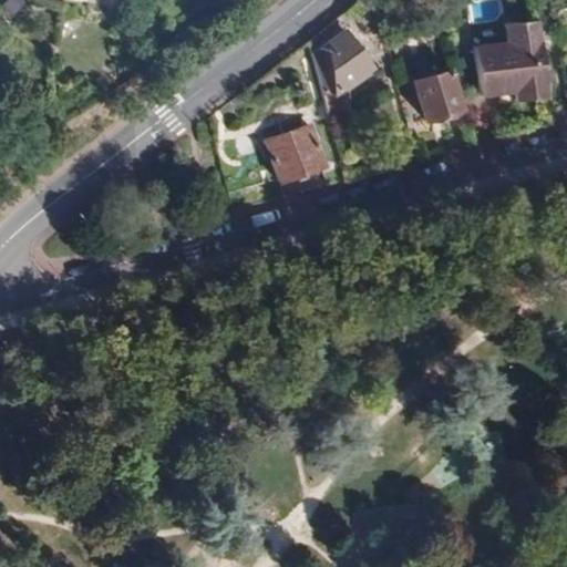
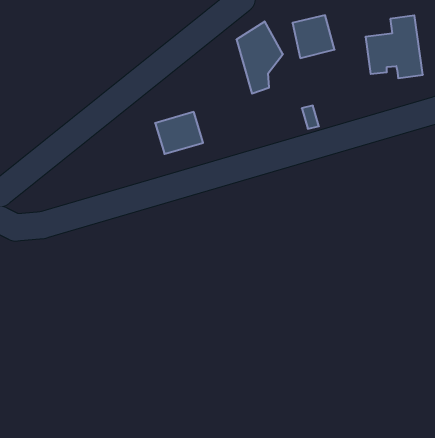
building: [412,72,466,127] -> [292,15,335,58]
building: [267,126,329,181] -> [155,112,203,154]

